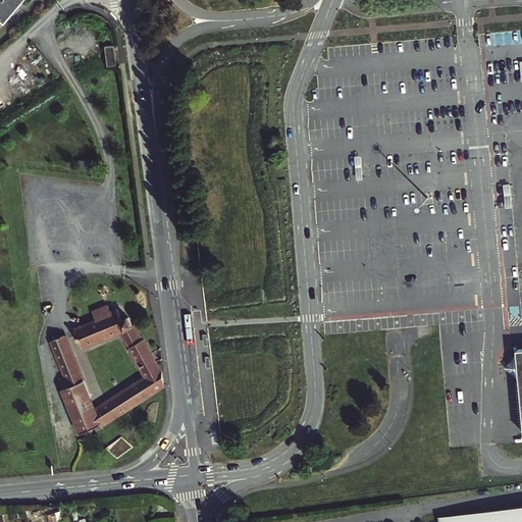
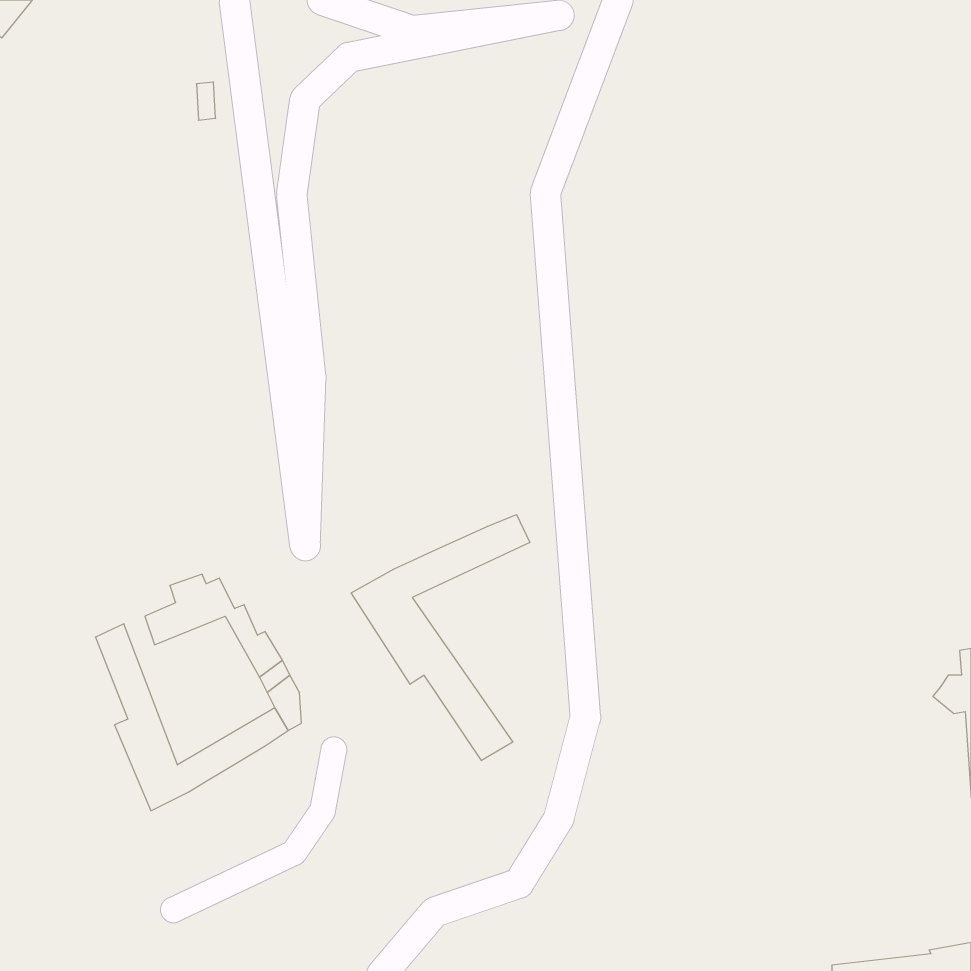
building: none -> [351,515,530,761]

